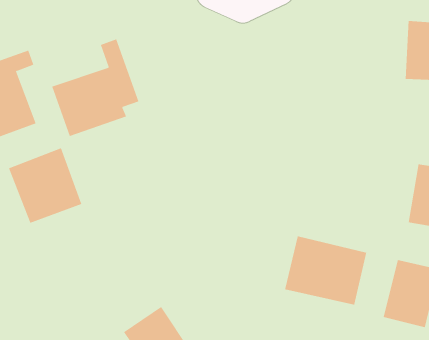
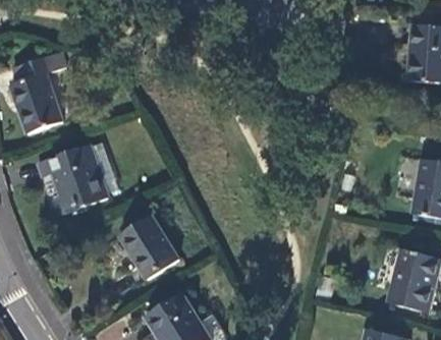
building: [51,39,139,137] -> none
building: none -> [119,215,178,279]
building: [284,235,367,306] -> none

